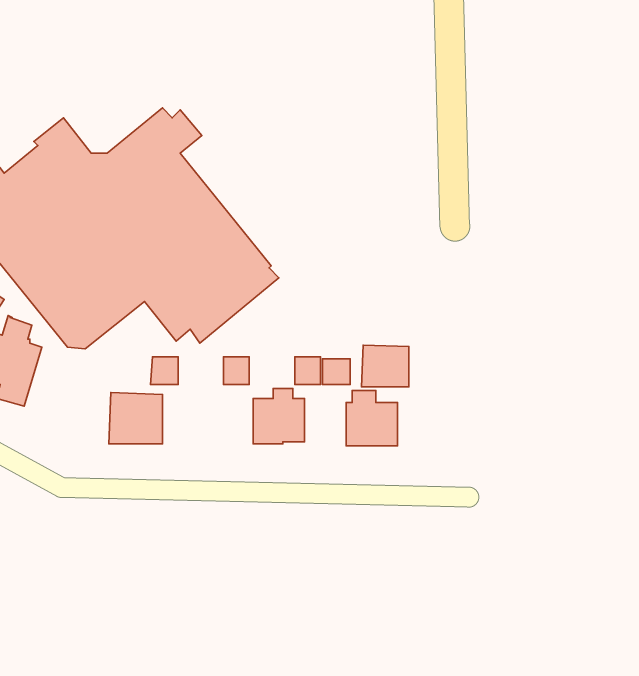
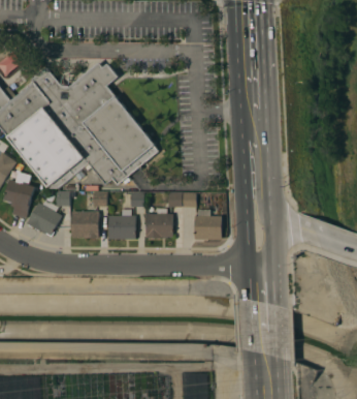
building: [361,345,409,387] -> none
building: none -> [26,192,69,237]
building: none -> [107,210,135,239]

